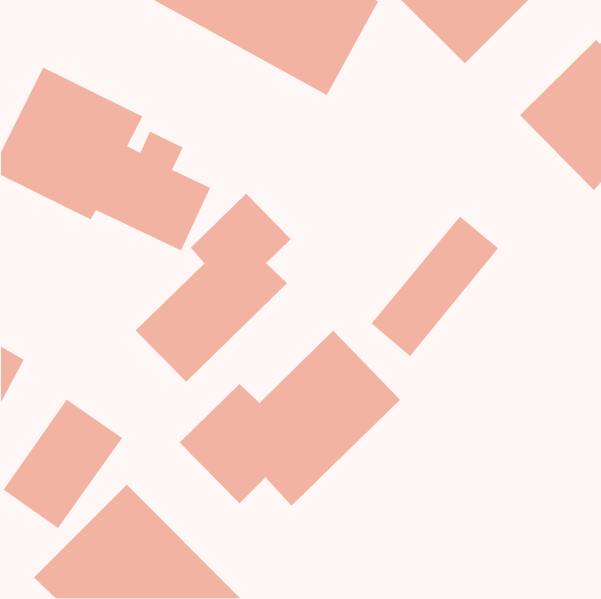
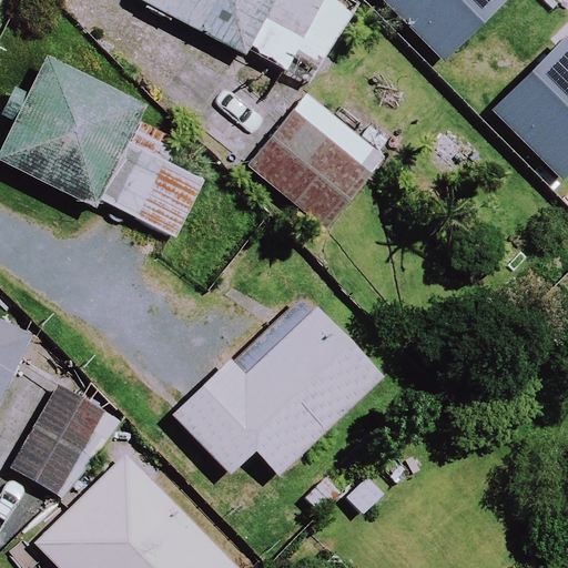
building: none -> [250,92,384,226]
building: [135,193,291,382] -> none
building: [370,215,499,357] -> none

